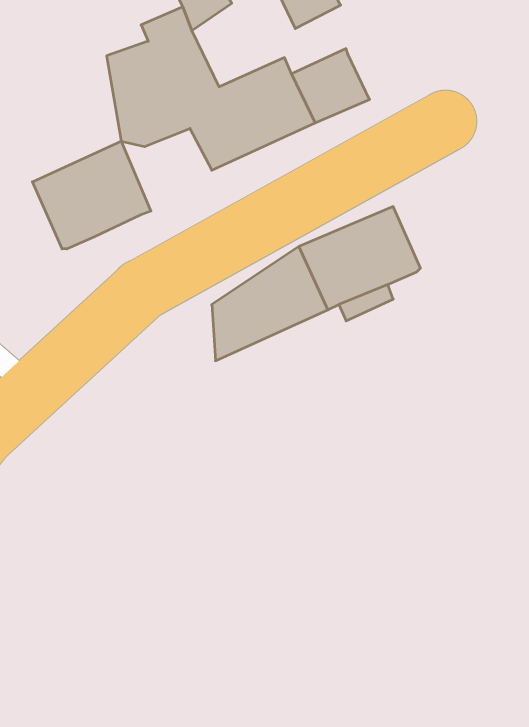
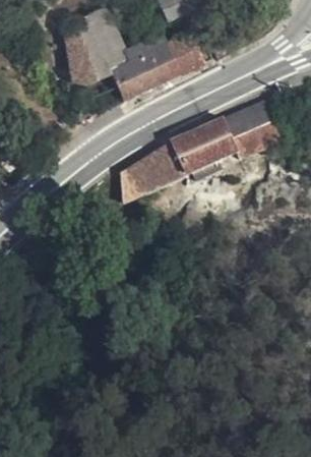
building: [32,141,151,249] -> none
building: none -> [221,99,285,161]

